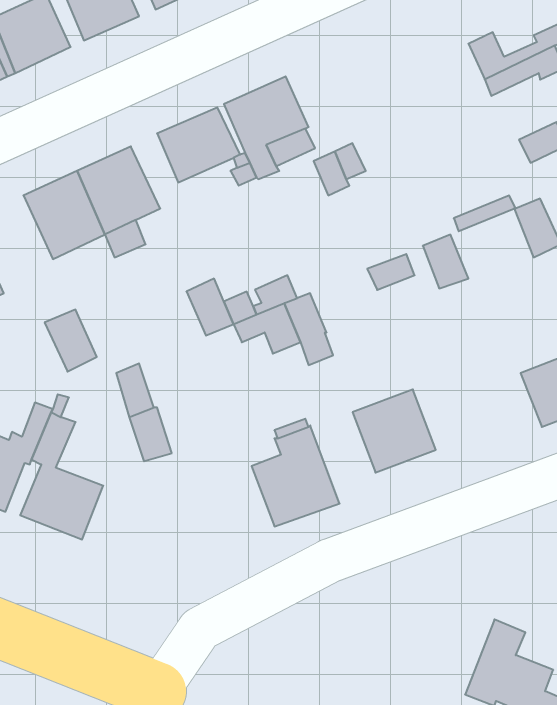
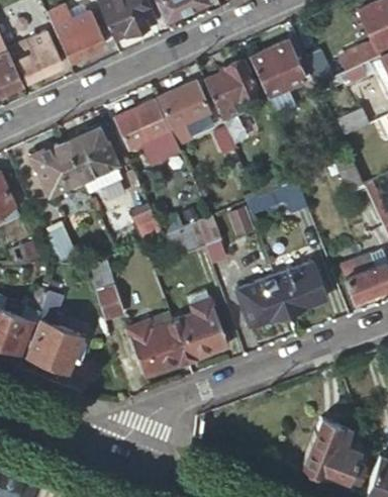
building: none -> [250,40,306,98]
building: none -> [204,61,258,117]
building: none -> [274,263,326,314]
building: none -> [126,322,188,378]

